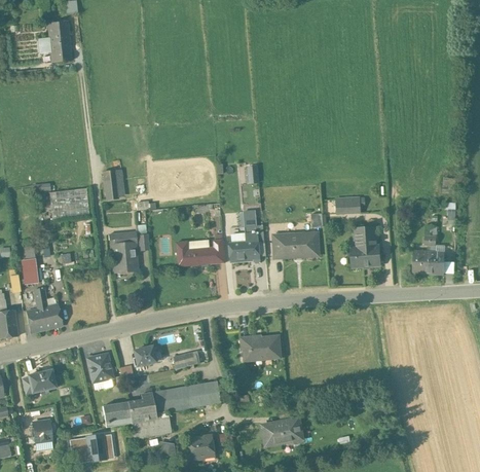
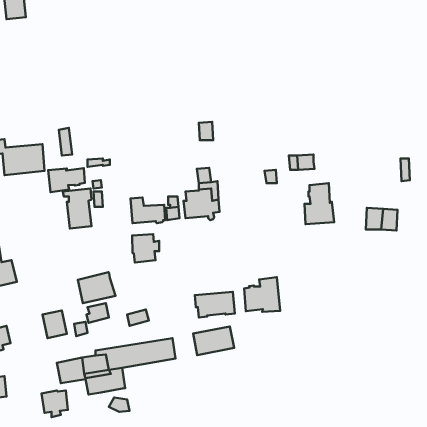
building: none -> [48,168,85,192]
building: [273,232,319,257] -> none
building: none -> [132,234,159,263]
building: none -> [78,272,115,303]
building: none -> [244,277,280,312]
building: [262,417,303,446] -> [193,326,234,355]
building: [189,435,215,460] -> none
building: [69,437,97,464] -> none

